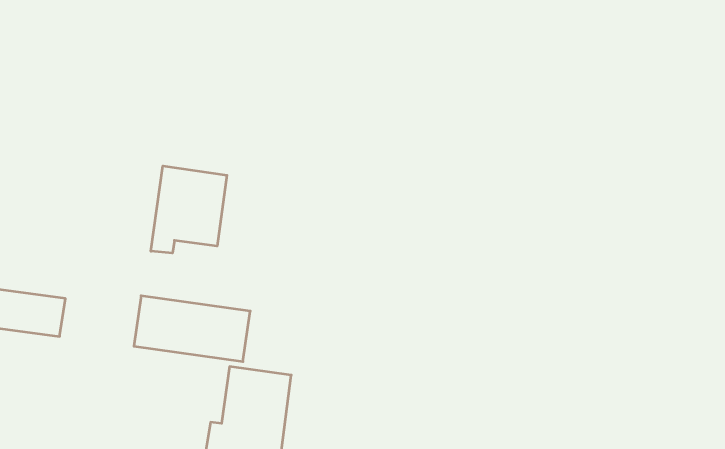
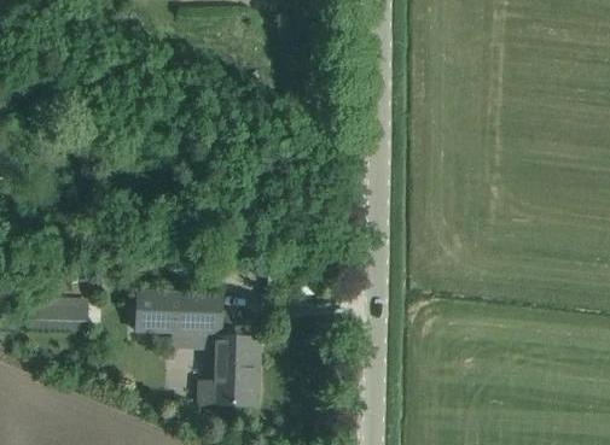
building: [151,166,227,253] -> none

